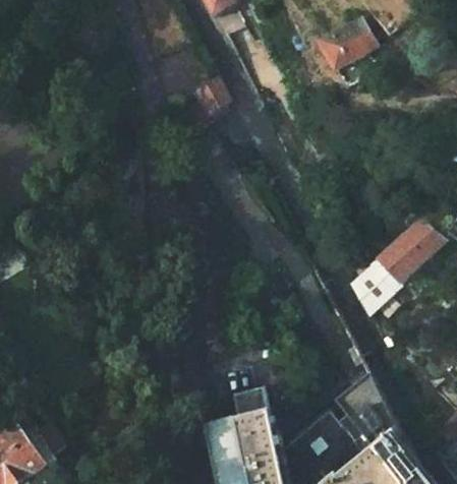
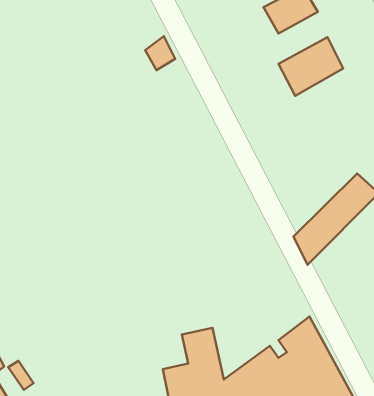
building: none -> [279,37,343,96]

